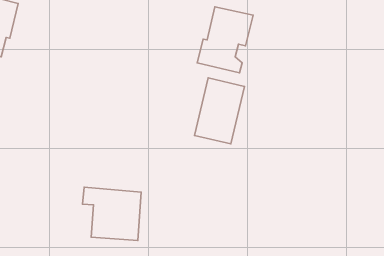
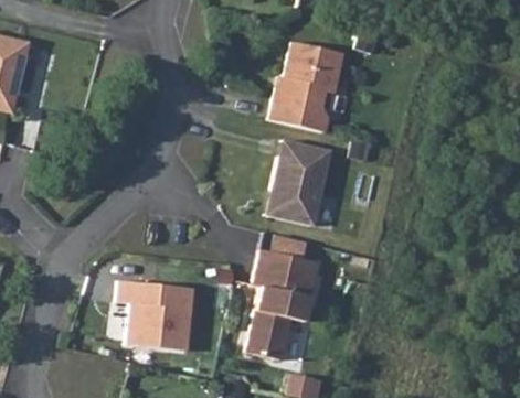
building: none -> [243,248,317,359]

